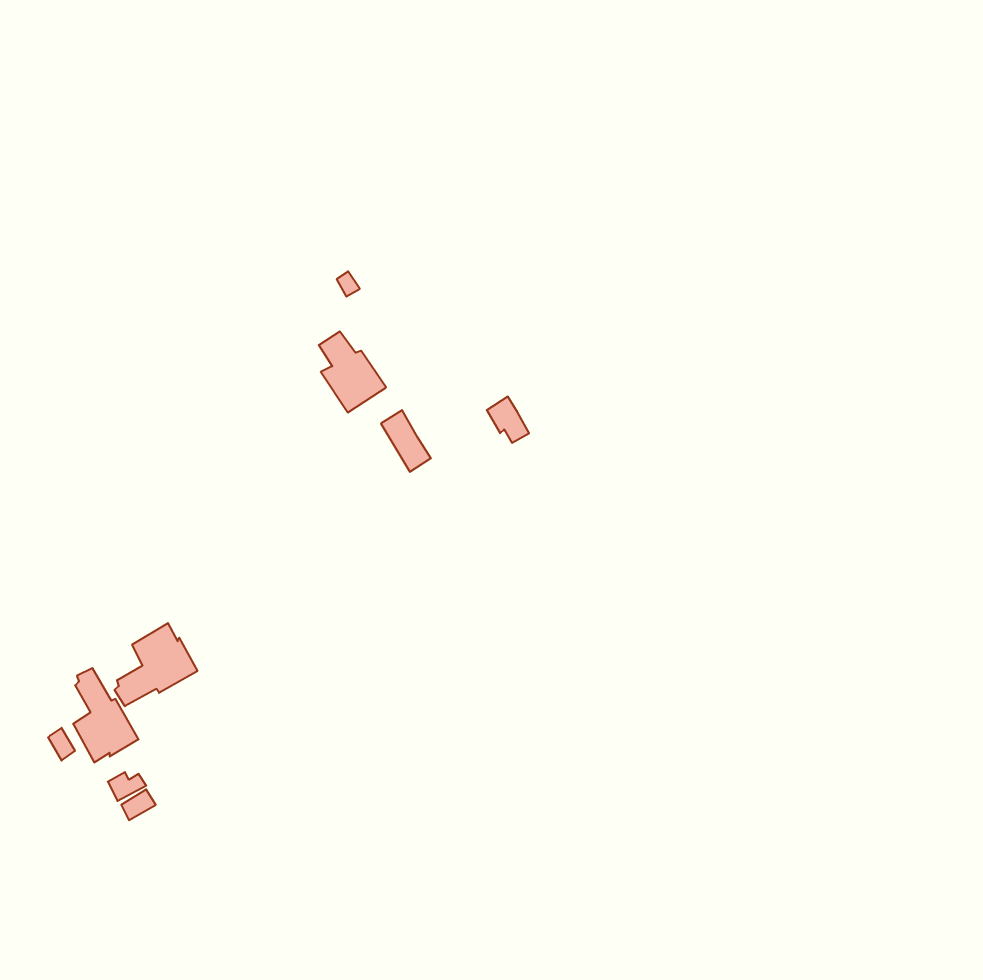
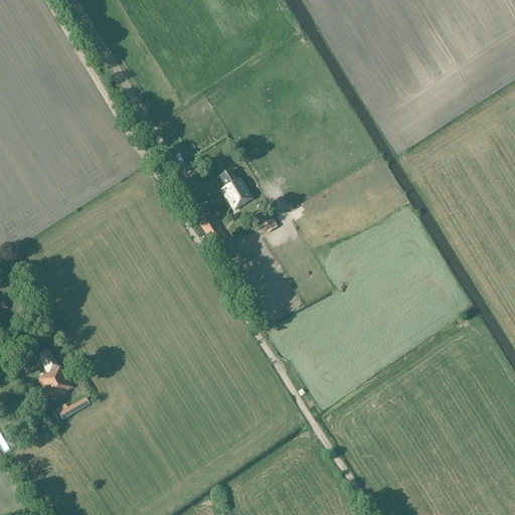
building: [319,332,386,412] -> [218,168,253,210]
building: [115,623,197,706] -> none

